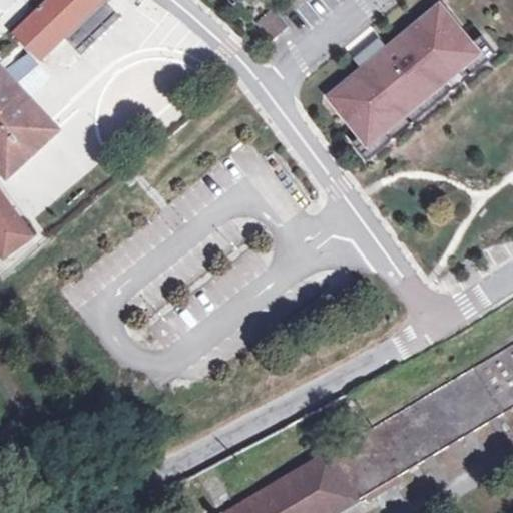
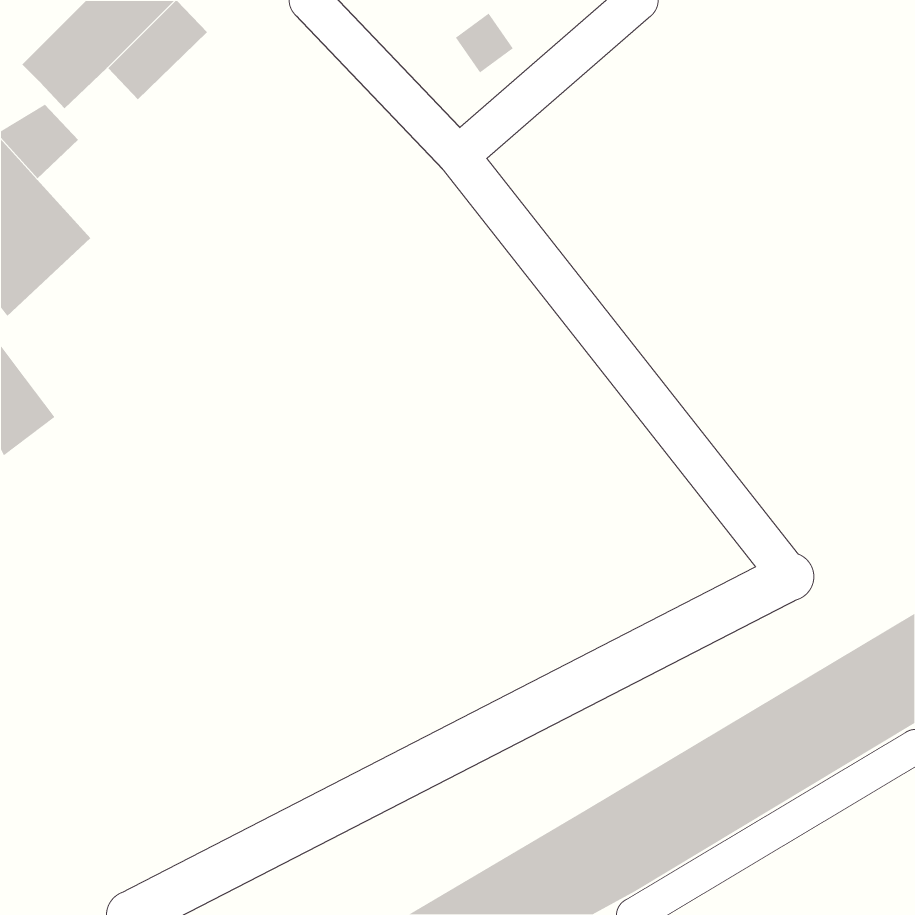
building: [329,5,477,141] -> none

